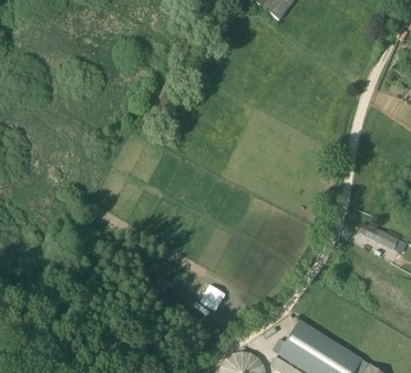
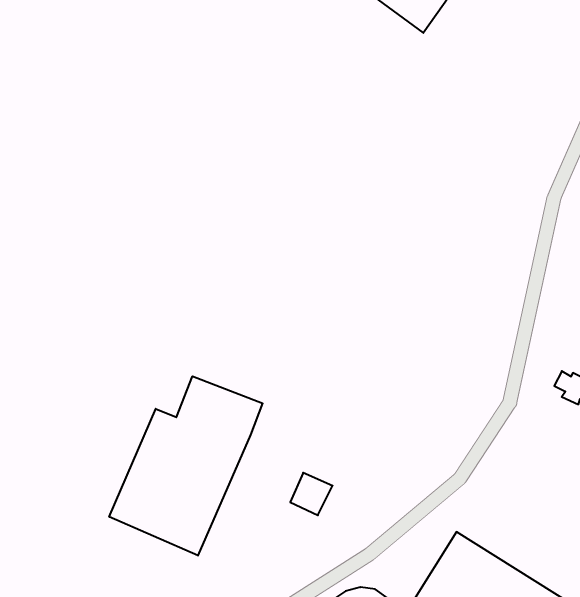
building: none -> [109,376,263,556]

